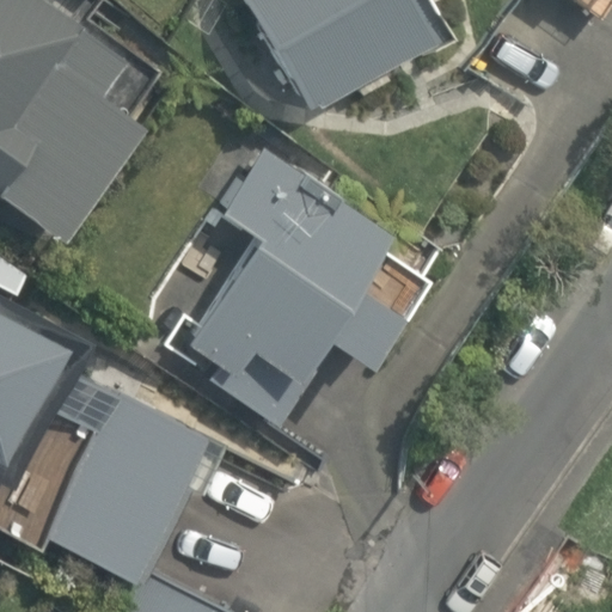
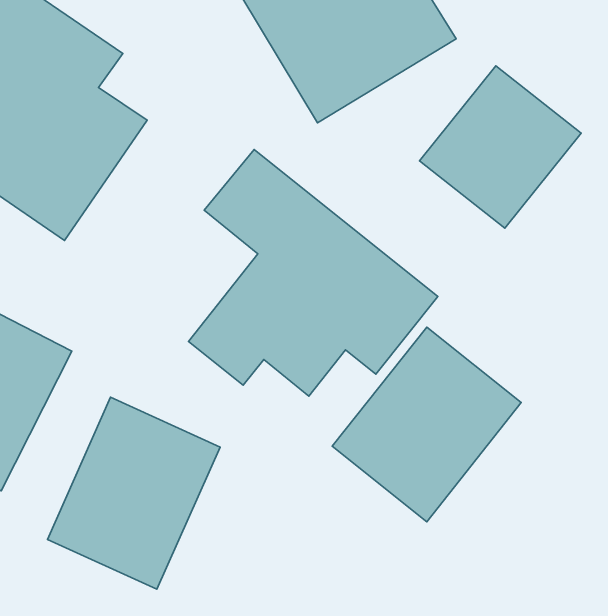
building: none -> [419,66,581,228]
building: none -> [332,327,521,522]

